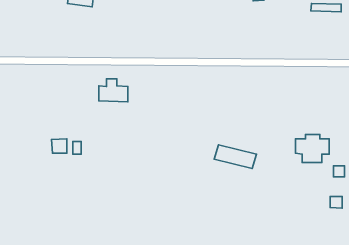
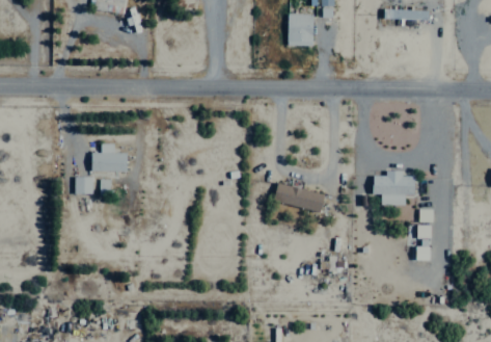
building: none -> [289,14,315,46]
building: [99,79,128,102] -> [92,143,128,172]

